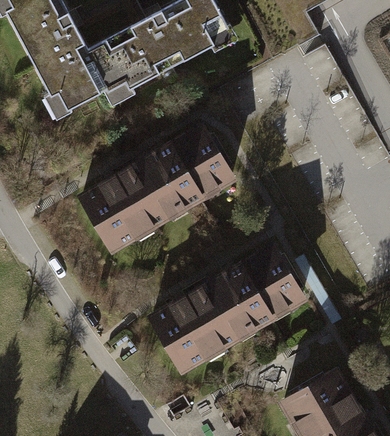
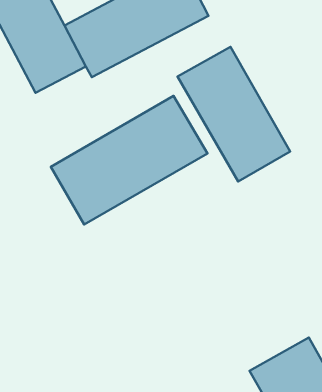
building: none -> [177,47,290,181]
building: [144,242,307,378] -> none

